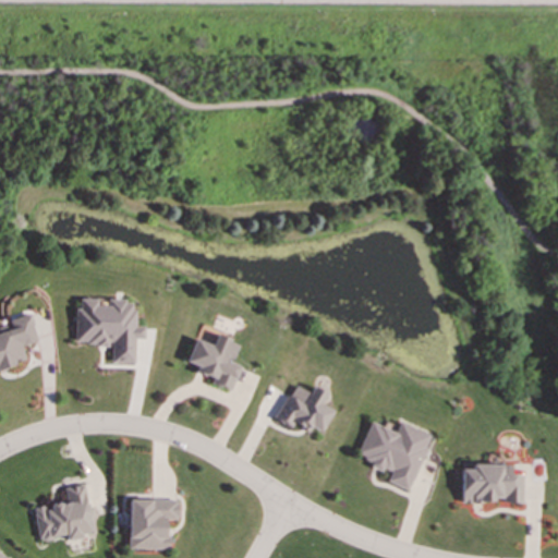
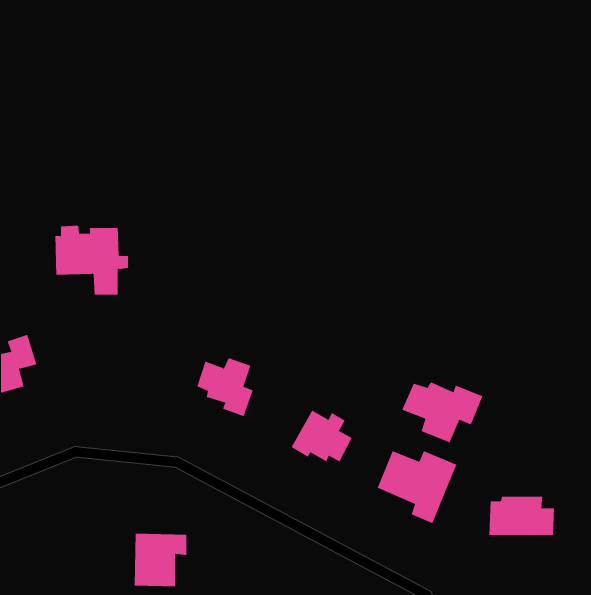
building: [75,298,145,363] -> [54,225,129,295]
building: none -> [401,382,483,443]
building: [35,484,92,539] -> none

